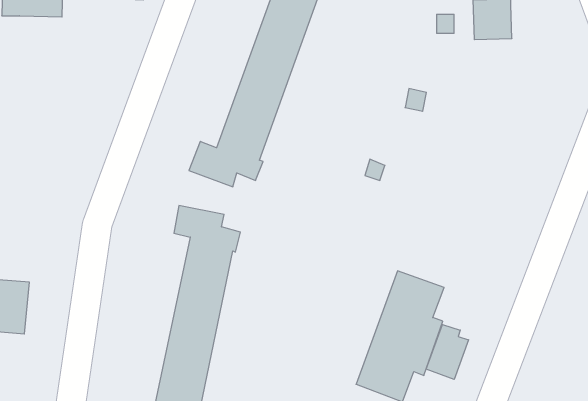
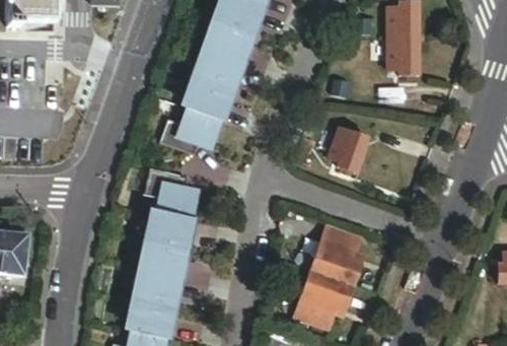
building: none -> [387,38,418,75]
building: none -> [330,127,368,172]
building: [426,324,469,379] -> none

